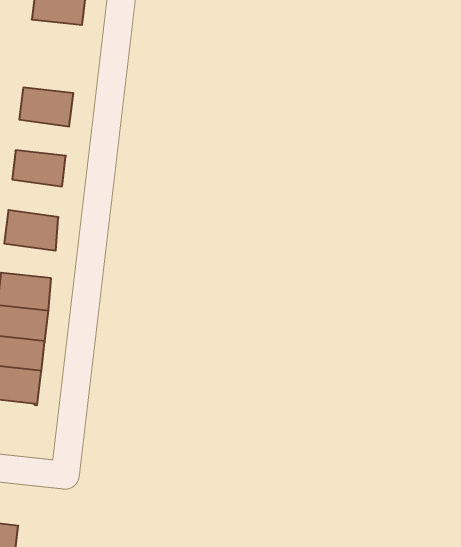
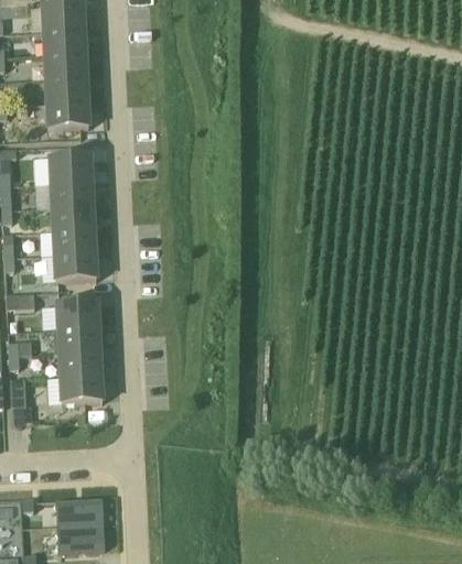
building: none -> [35,99,88,128]
building: none -> [51,180,92,205]
building: none -> [53,227,94,252]

